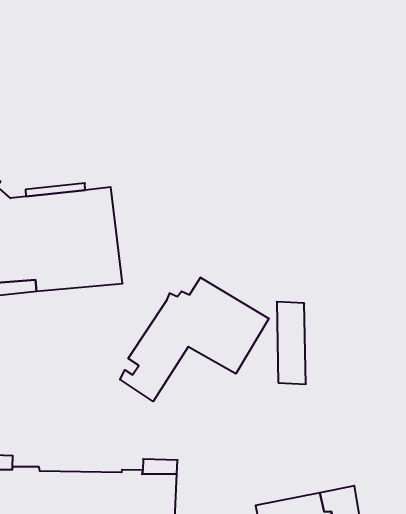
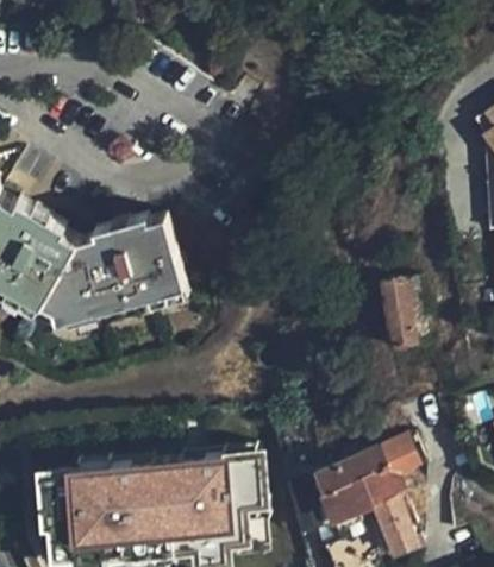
building: [120,277,269,401] -> none
building: [277,302,306,384] -> [380,277,415,348]

